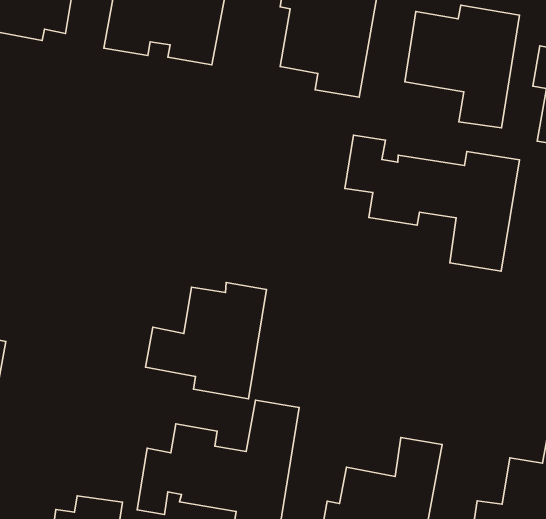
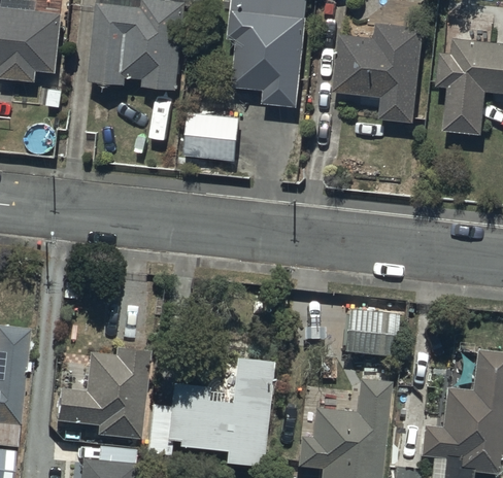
building: none -> [183,115,239,165]
building: [345,135,520,271] -> none
building: [146,282,266,399] -> [56,347,148,440]
building: none -> [343,310,397,360]

